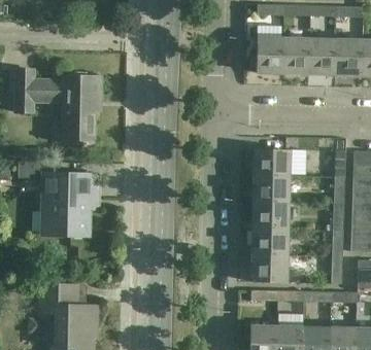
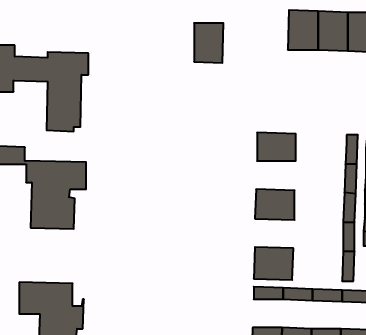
building: [257,37,283,73] -> [194,23,223,63]
building: [254,174,290,201] -> none
building: [252,226,289,253] -> none

